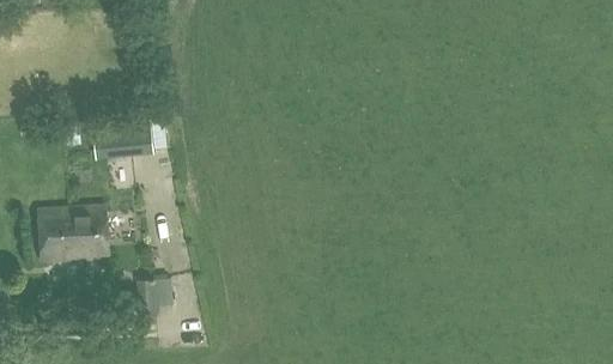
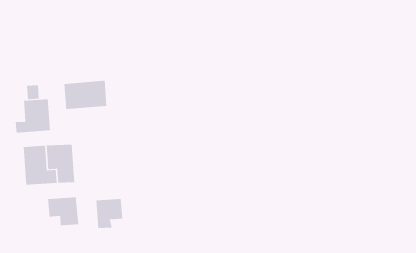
building: none -> [15,98,51,134]
building: none -> [47,197,79,226]

